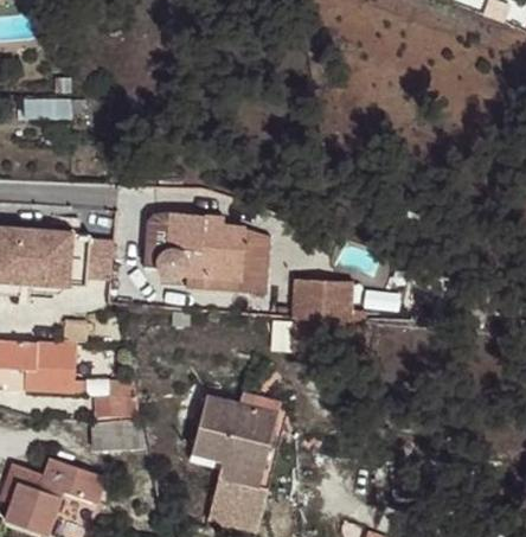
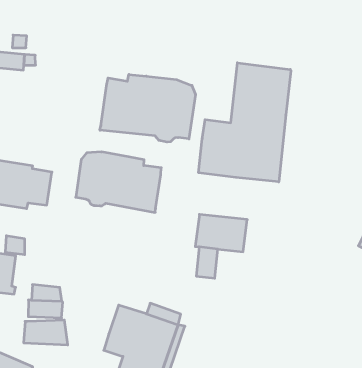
building: none -> [199,63,291,182]
building: none -> [100,74,195,142]
building: [242,235,270,279] -> none

